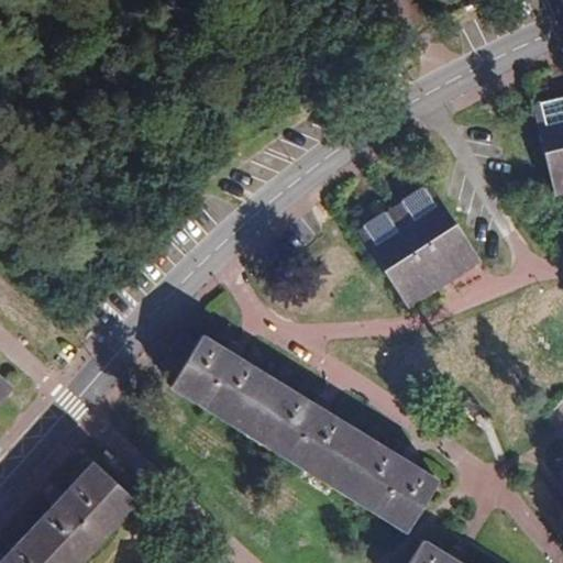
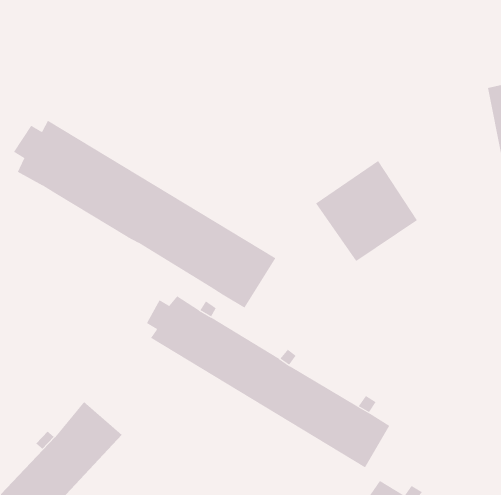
building: none -> [13,120,276,308]

